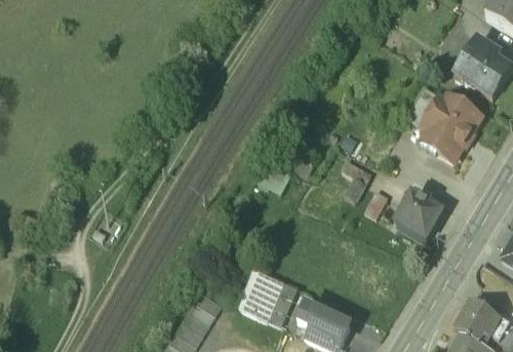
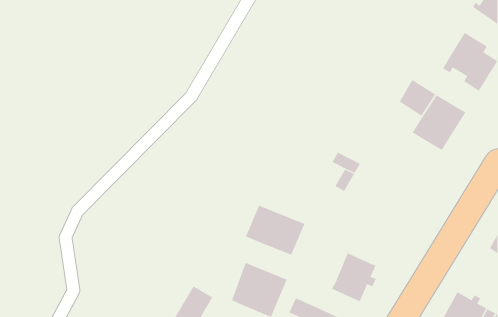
building: [396,188,443,239] -> none
building: none -> [245,205,305,256]
building: none -> [331,253,376,302]

